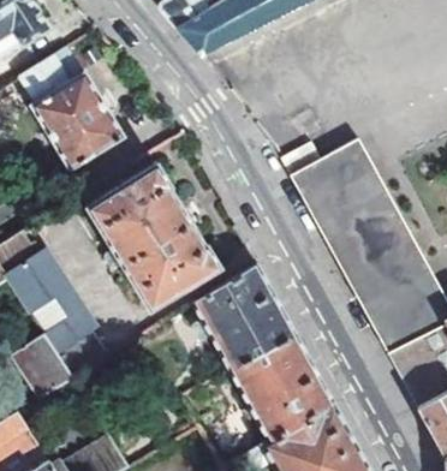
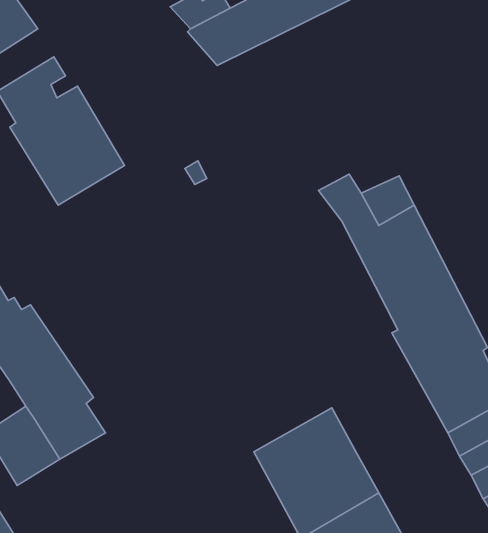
building: [88,163,220,309] -> none
building: [193,263,294,371] -> none

